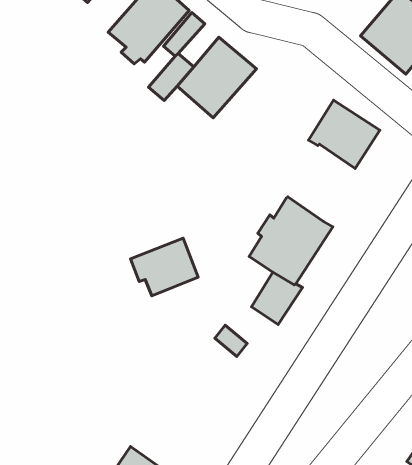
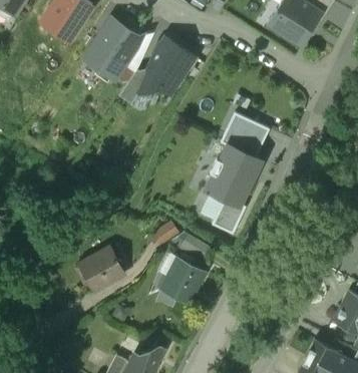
building: [309,100,380,169] -> [219,119,268,165]
building: [130,238,198,296] -> [77,235,126,278]
building: none -> [158,264,205,309]

